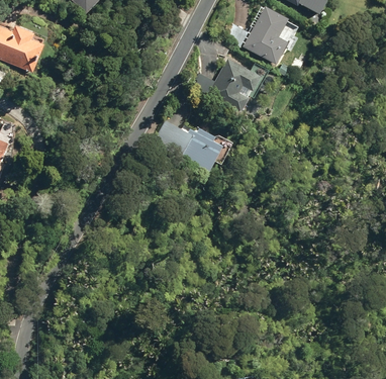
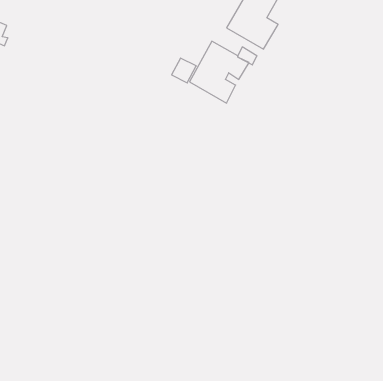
building: [154,120,220,172] -> none

